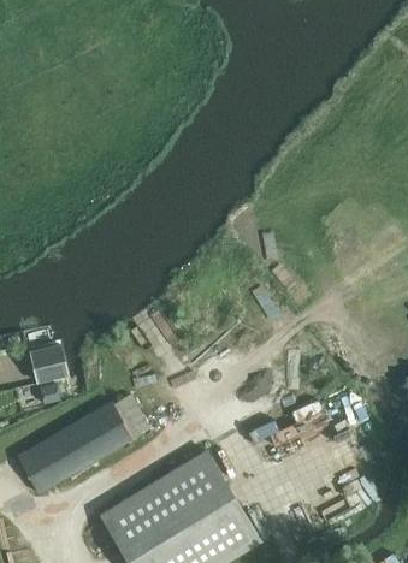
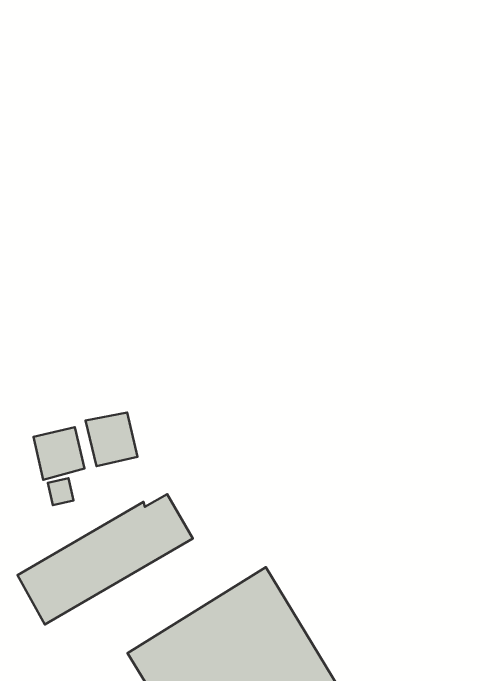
building: none -> [86,413,137,466]

